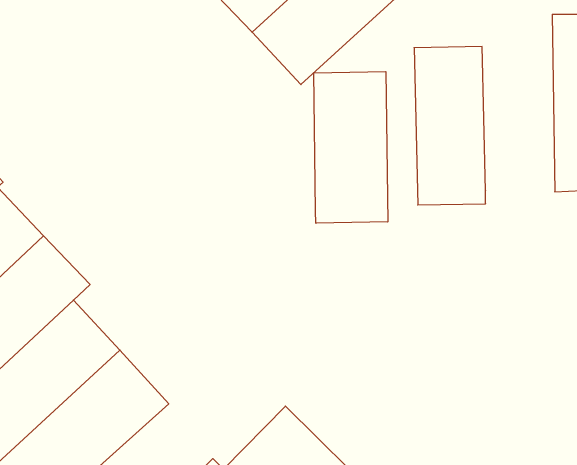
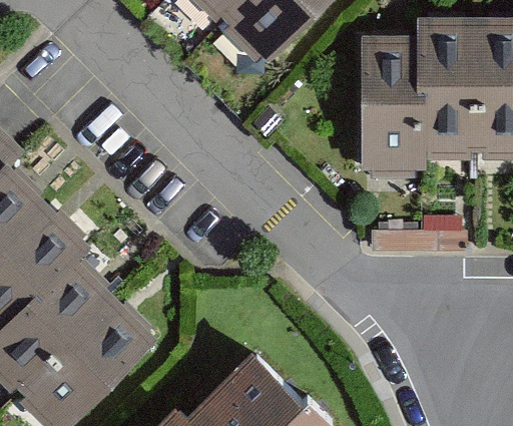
building: none -> [418,17,479,166]
building: [314,72,388,223] -> none

